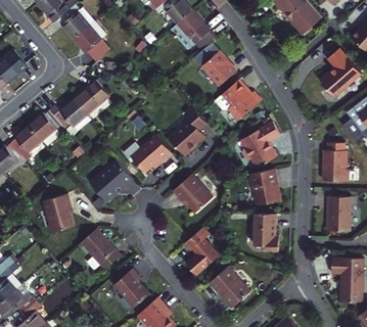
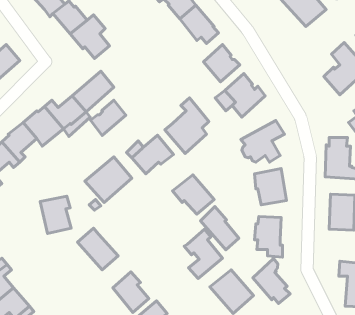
building: none -> [90,100,126,135]
building: none -> [201,207,239,250]
building: none -> [253,259,290,303]

